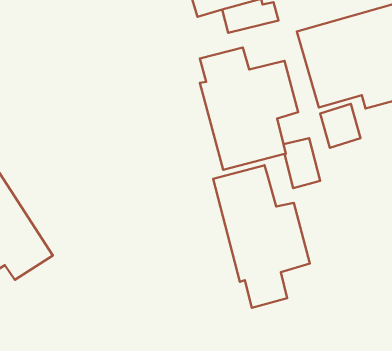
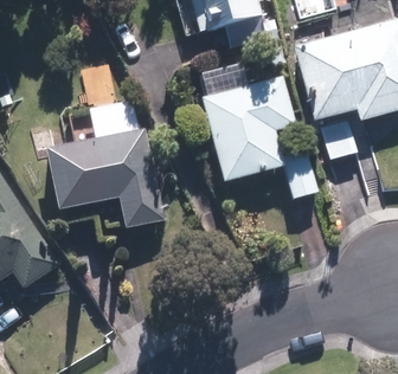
building: none -> [45,97,165,228]
building: [213,165,310,308] -> none

